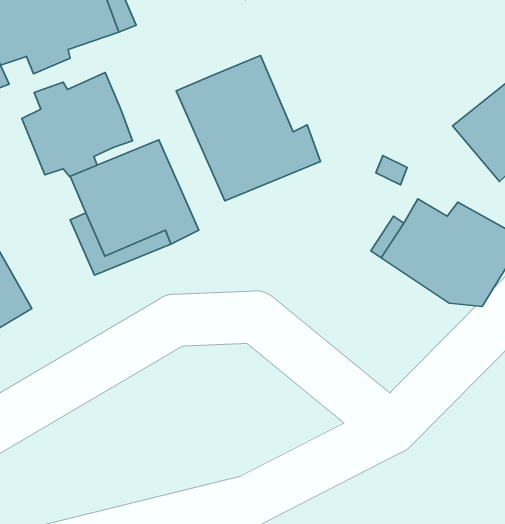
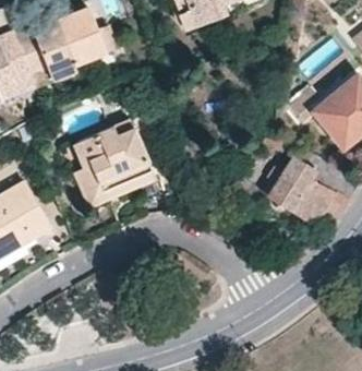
building: [176,55,321,201] -> none
building: [22,72,133,177] -> none

